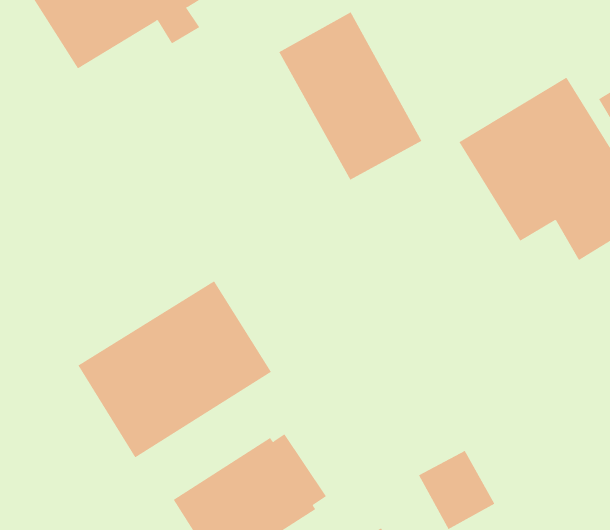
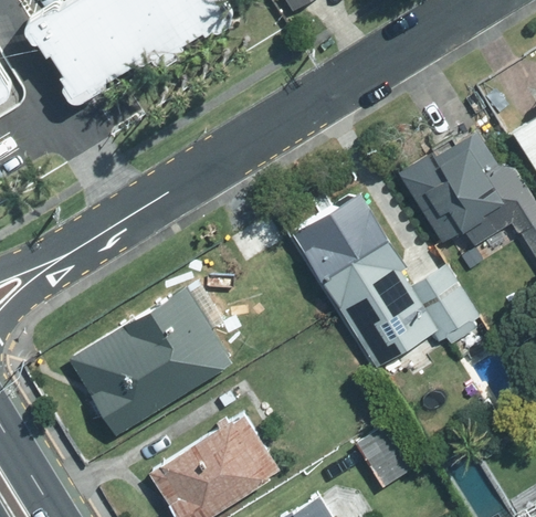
building: [278,12,422,181] -> none
building: none -> [292,194,494,384]

